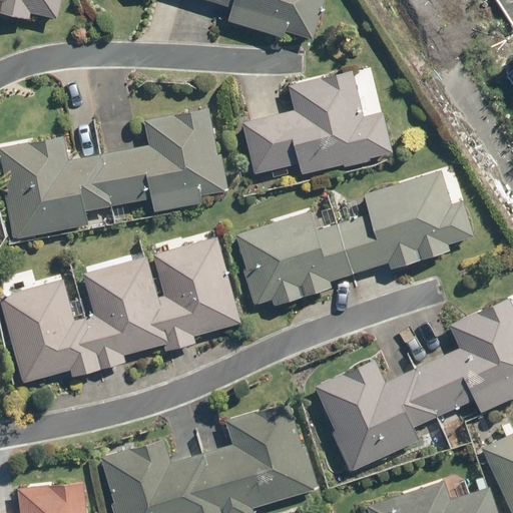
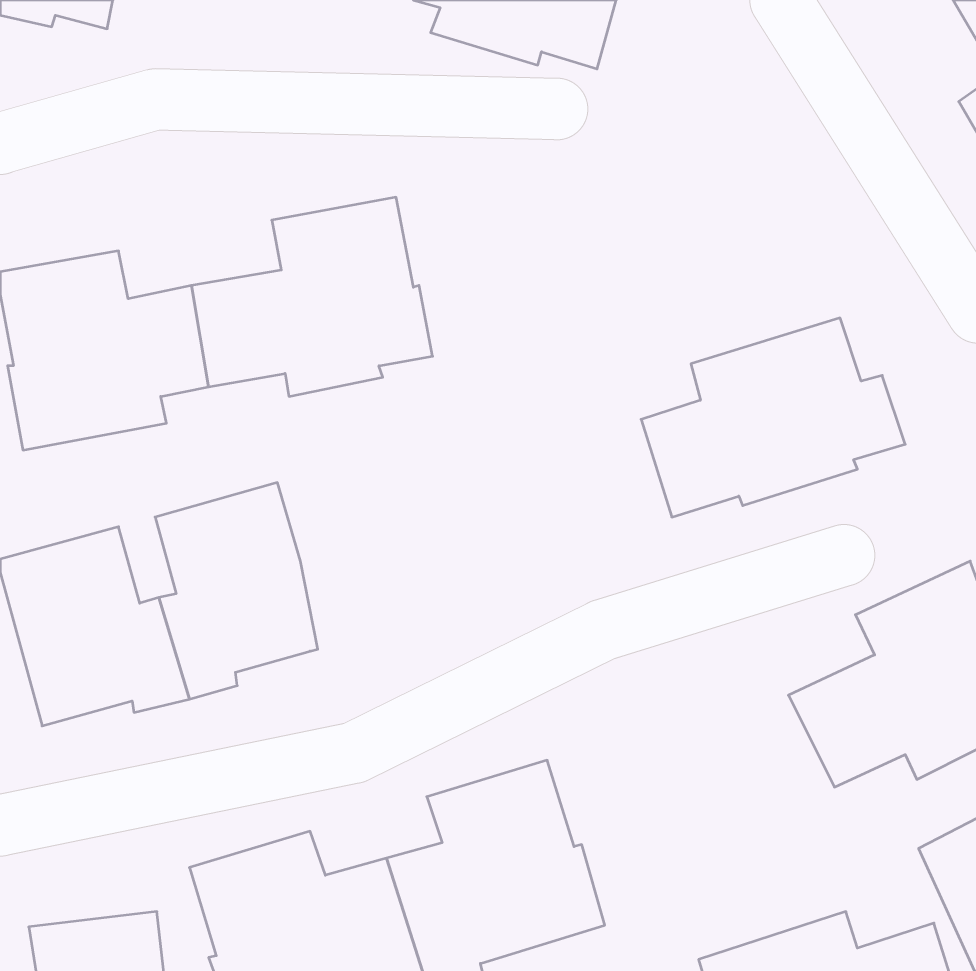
building: [241,69,393,173] -> none
building: [235,210,353,305] -> none
building: [152,236,241,352] -> none
building: [315,359,438,472] -> none

